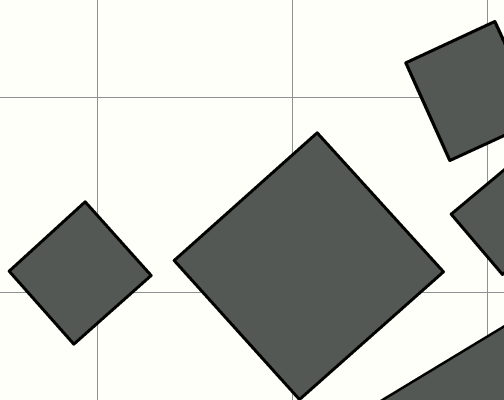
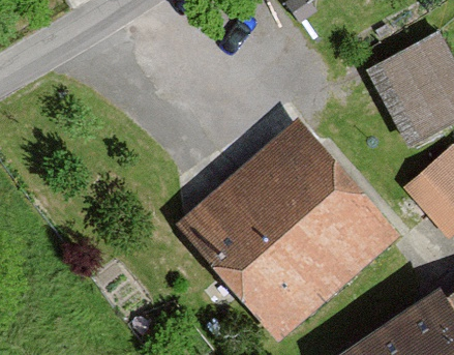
building: [9,202,151,344] -> none

